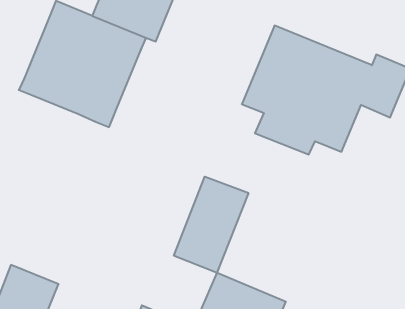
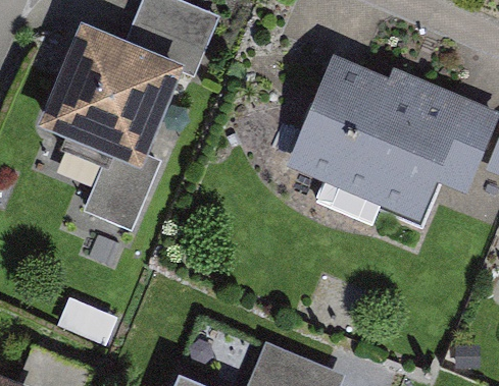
building: none -> [83,155,161,230]
building: [174,177,248,273] -> none

